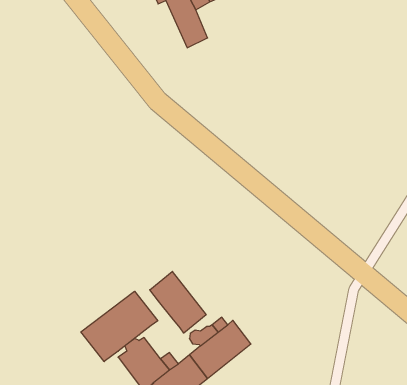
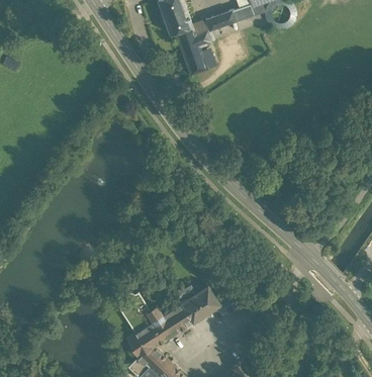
building: [150,271,206,333] -> none
building: [81,291,158,362] -> none

